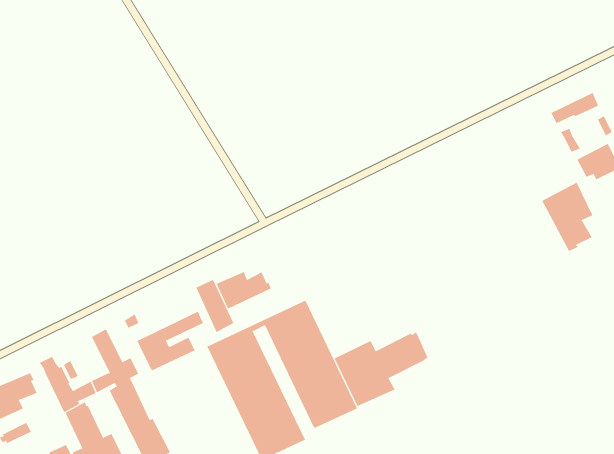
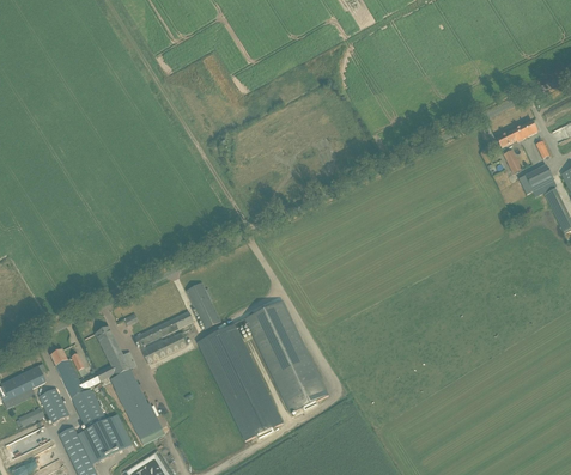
building: [541,182,593,252] -> none
building: [216,271,272,310] -> none
building: [334,331,428,407] -> none
building: none -> [38,388,68,422]

